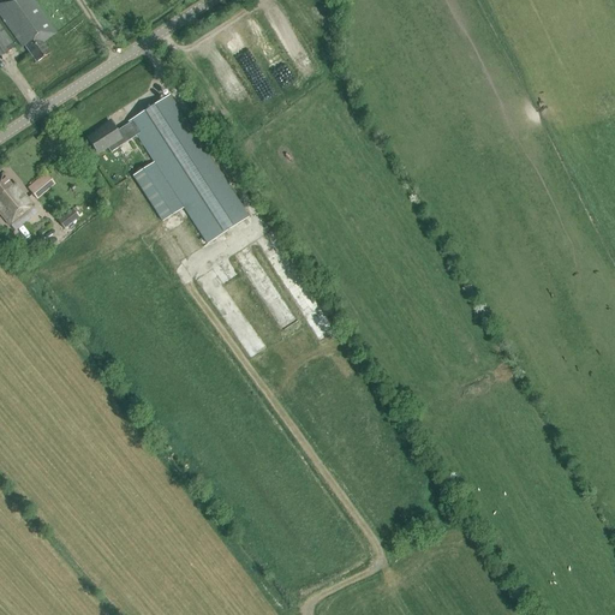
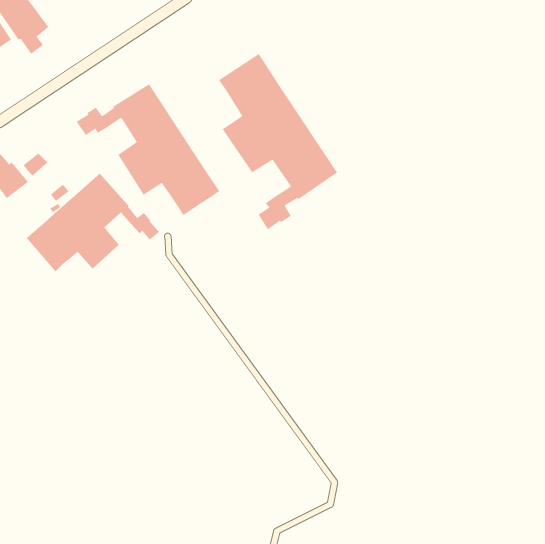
building: none -> [218,53,338,230]
building: none -> [26,173,160,272]

